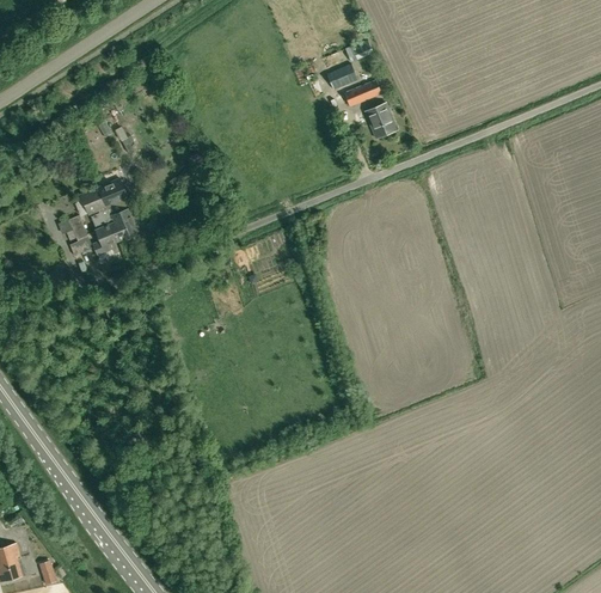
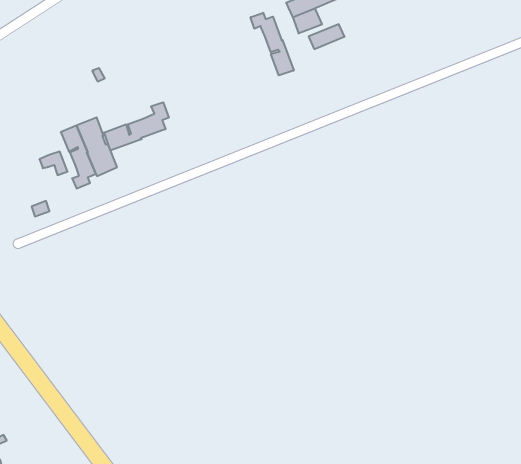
building: none -> [251,13,294,75]
building: [364,104,397,140] -> none
building: none -> [104,102,169,151]

